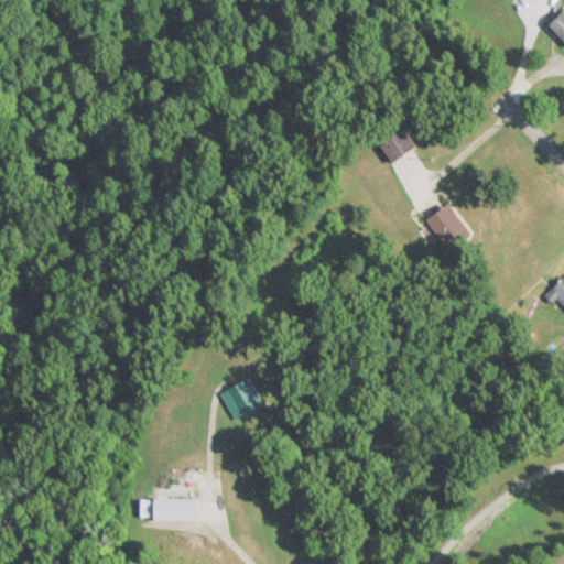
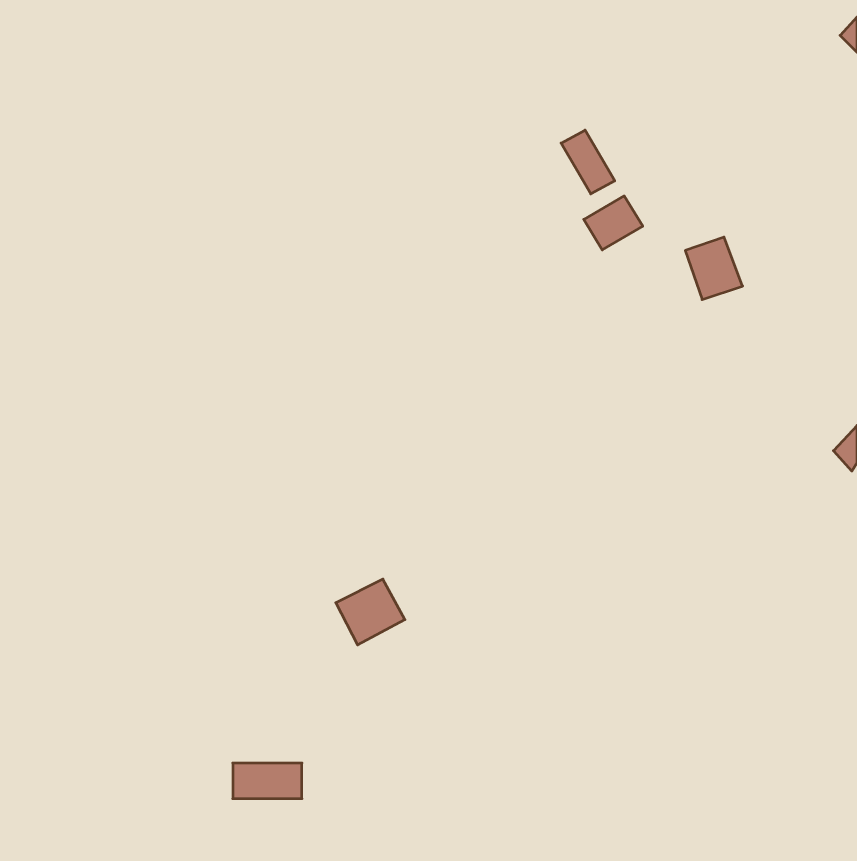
building: none -> [561,130,615,194]
building: [431,206,468,247] -> [685,237,743,300]

